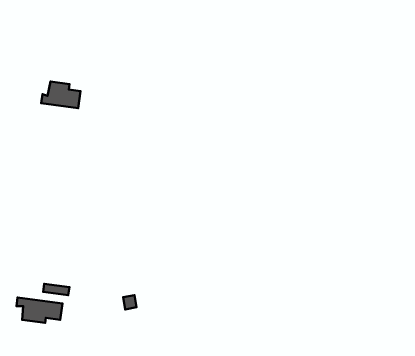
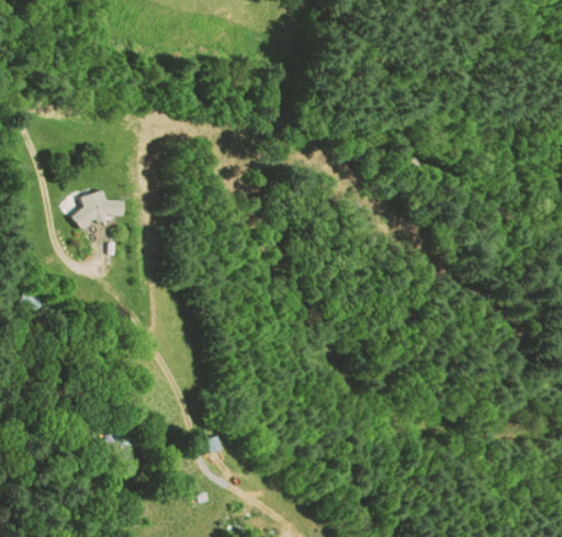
building: [16,298,62,323] -> none

